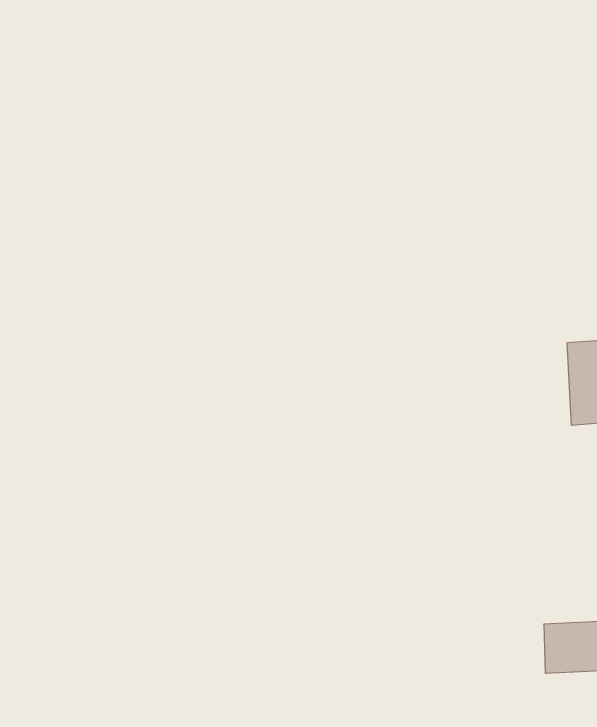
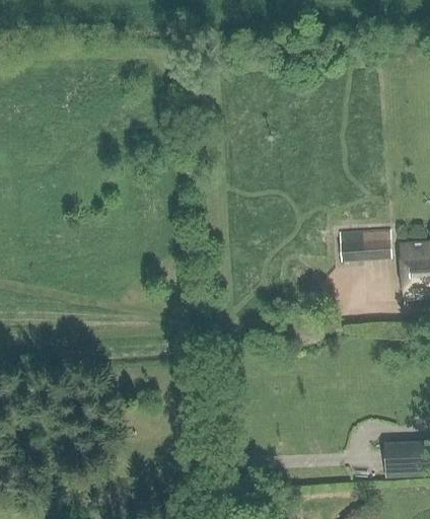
building: none -> [338,228,390,258]

